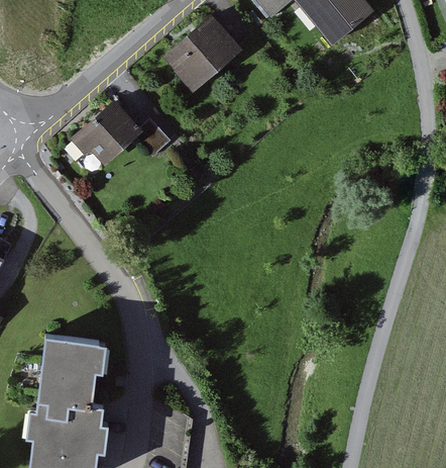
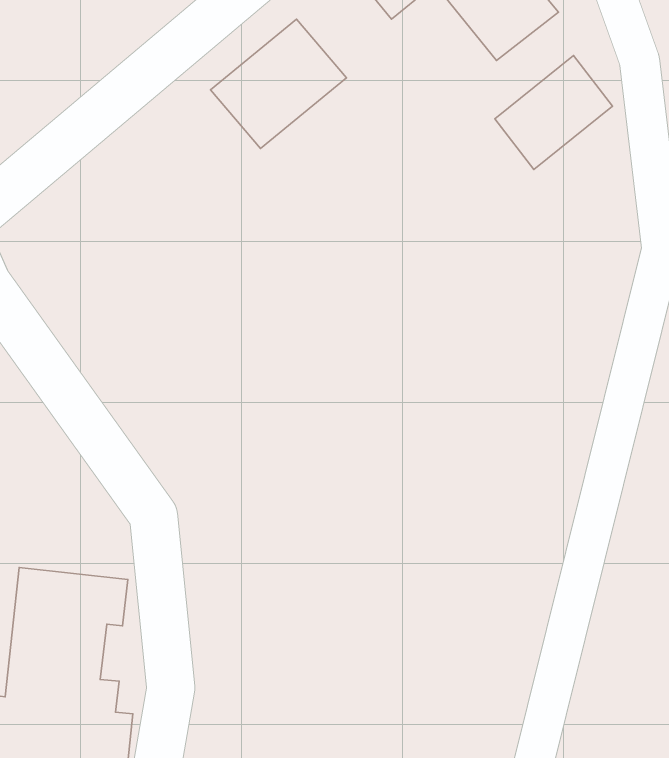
building: none -> [495,56,612,169]
building: [69,101,170,169] -> none

